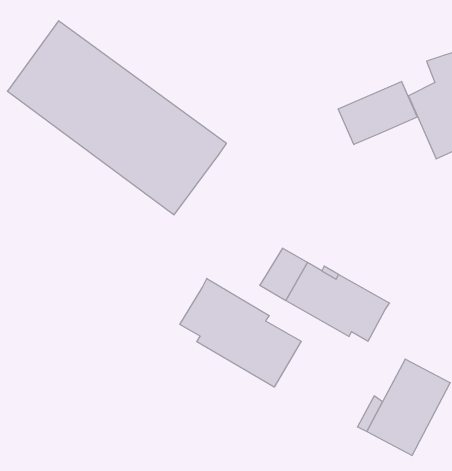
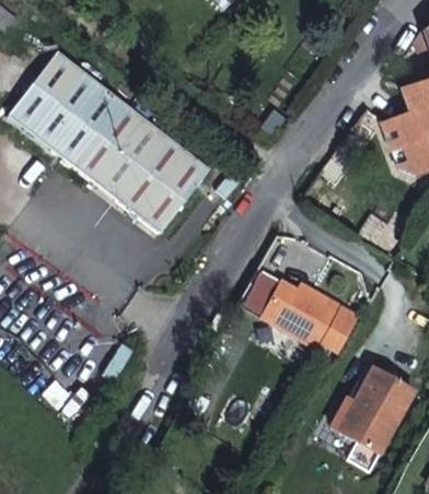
building: [338,81,417,145] -> none
building: [180,278,301,387] -> none

